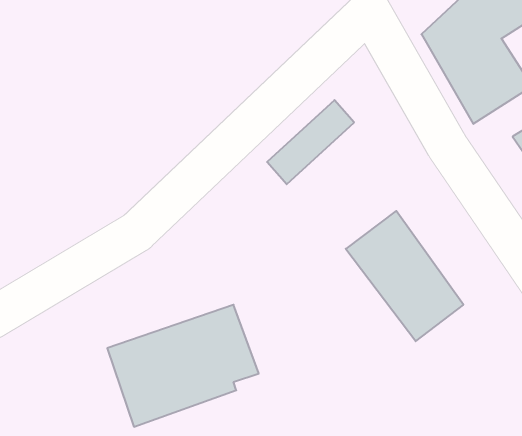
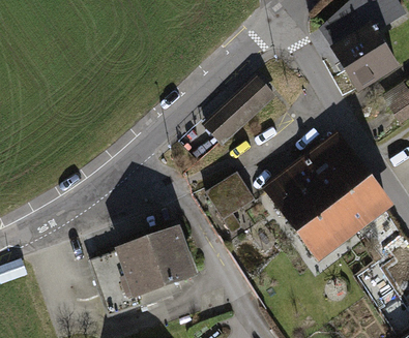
building: none -> [300,133,385,227]
building: none -> [203,170,254,218]

